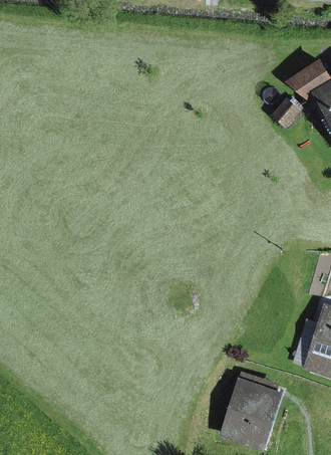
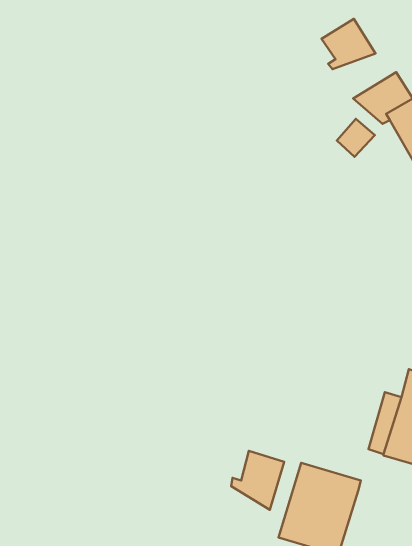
building: none -> [321,19,376,69]
building: none -> [231,451,284,510]

